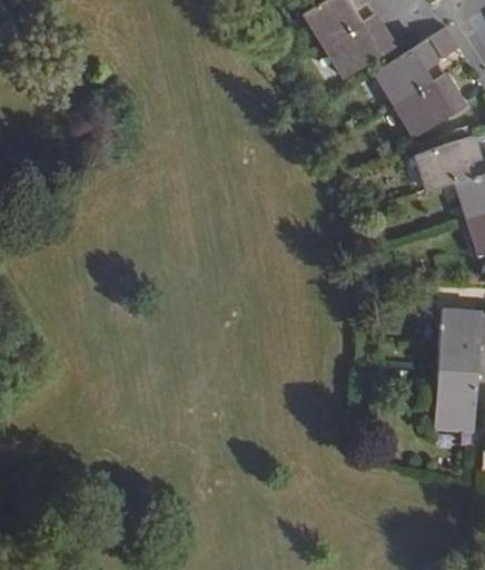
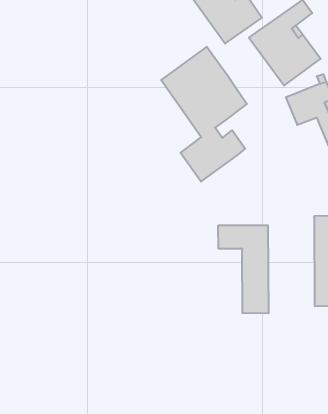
building: none -> [161,47,247,182]
building: none -> [218,225,268,313]

